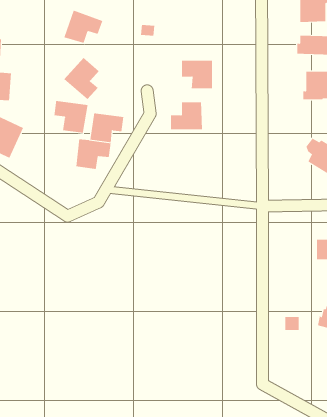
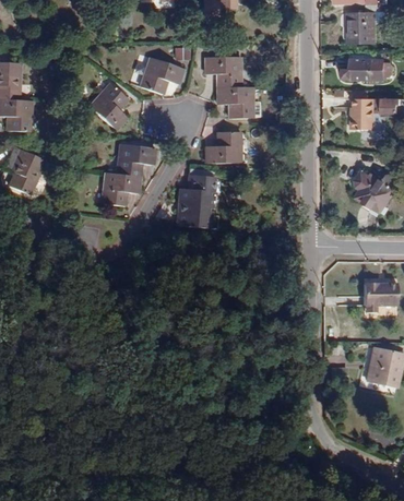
building: [63,10,103,44] -> [140,56,183,93]
building: none -> [204,56,241,85]
building: [54,100,88,134] -> none
building: none -> [177,175,217,228]

